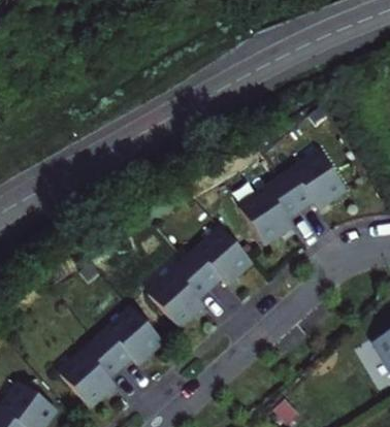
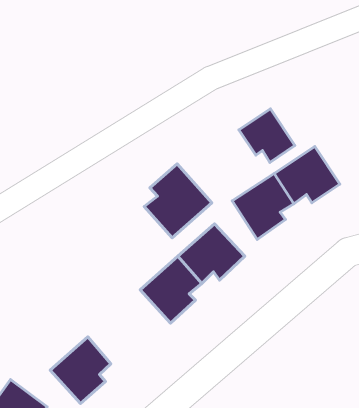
building: none -> [239,109,295,163]
building: none -> [144,164,212,238]
building: [97,308,163,367] -> none

